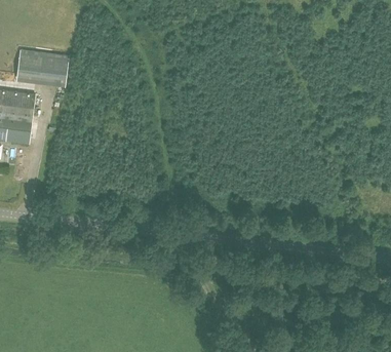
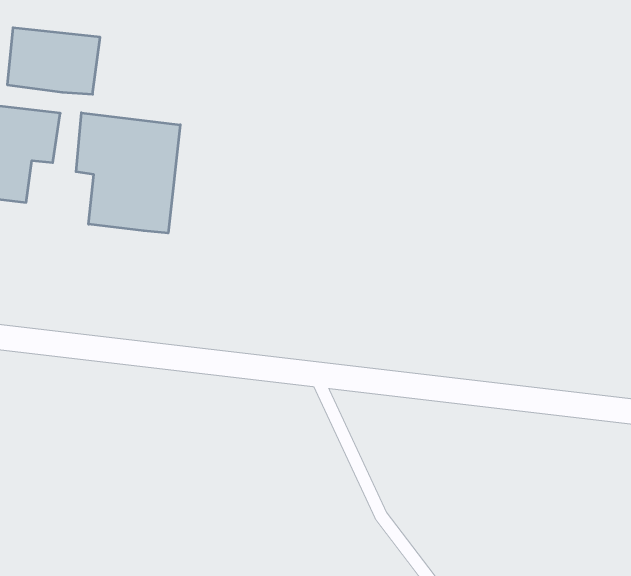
building: none -> [76,113,180,233]

